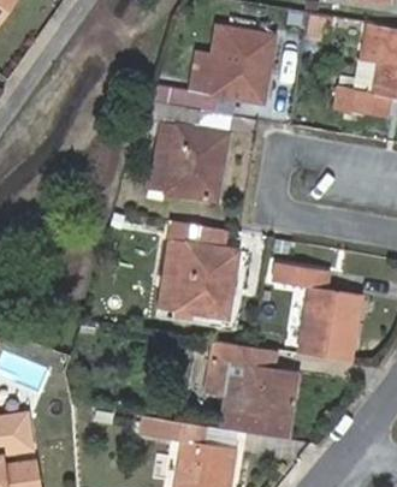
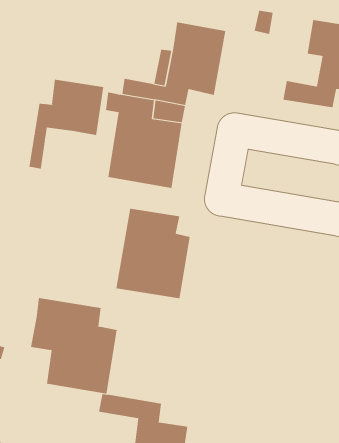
building: none -> [29,79,104,170]
building: [271,262,361,360] -> none
building: [205,338,296,439] -> [30,298,118,394]

